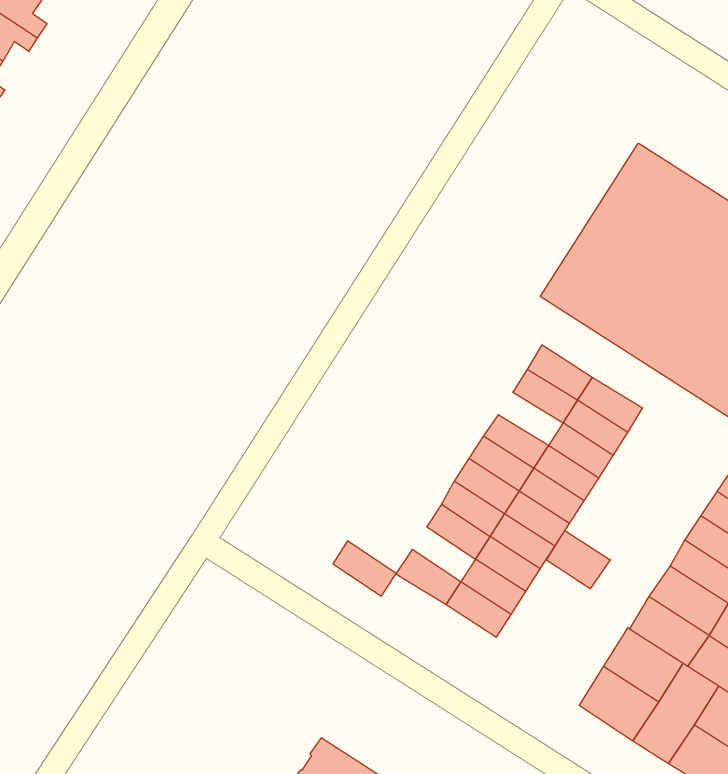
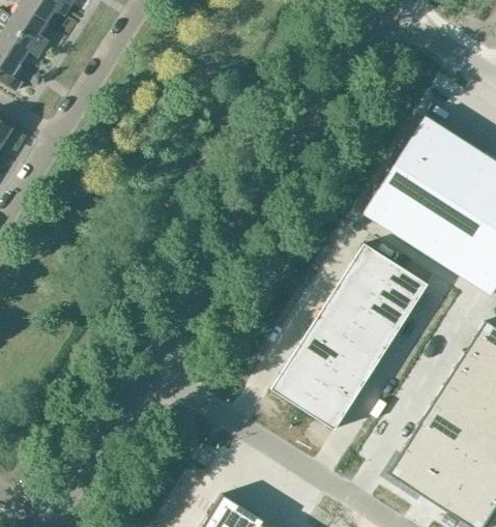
building: none -> [337,273,378,308]
building: [547,531,610,589] -> none
building: [333,541,396,596] -> [282,359,322,394]

